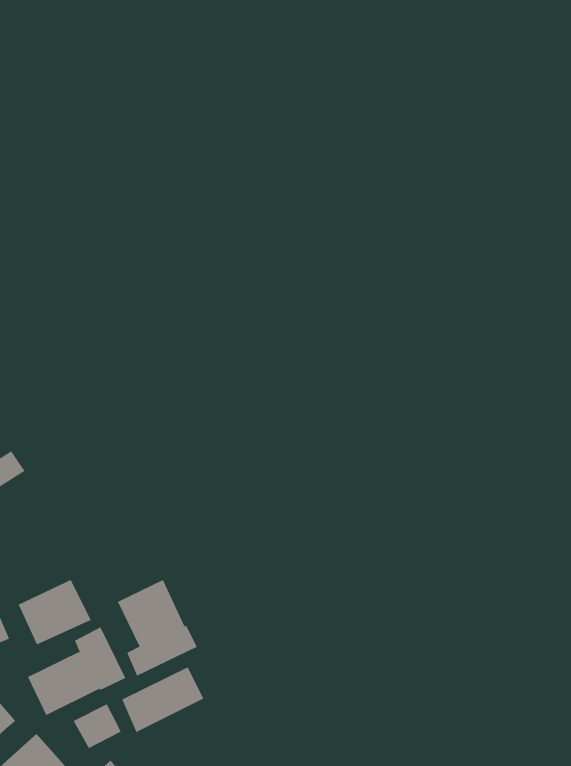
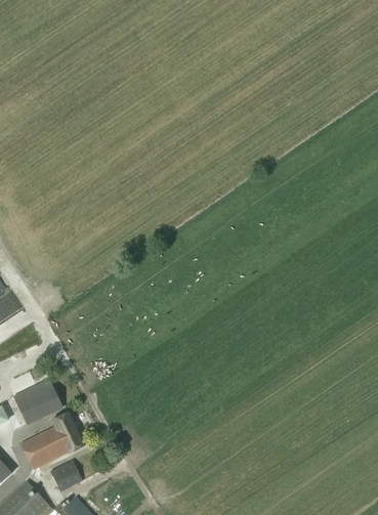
building: [117,579,198,677] -> none
building: [122,667,204,733] -> none

